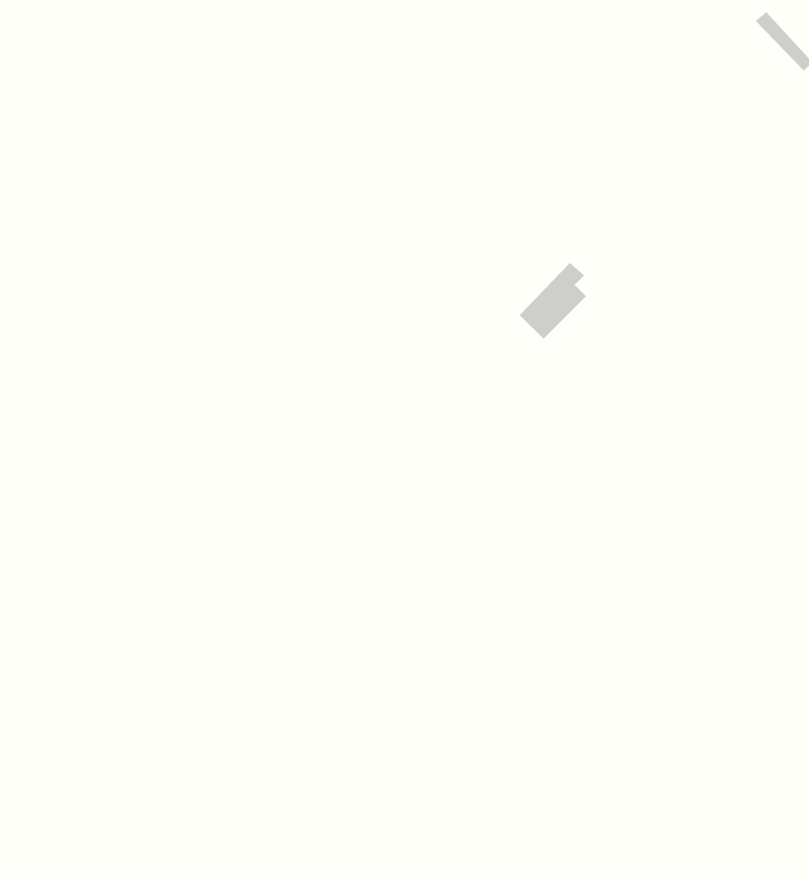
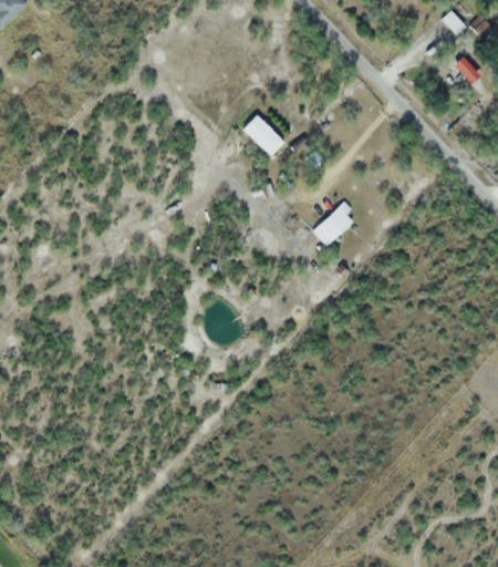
building: none -> [242,115,283,156]

